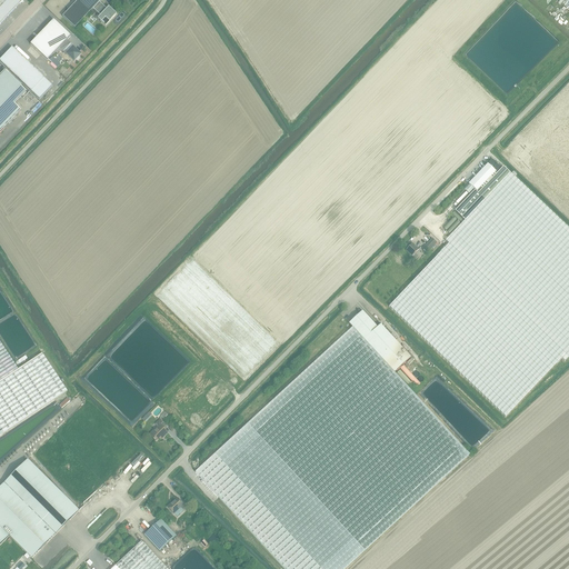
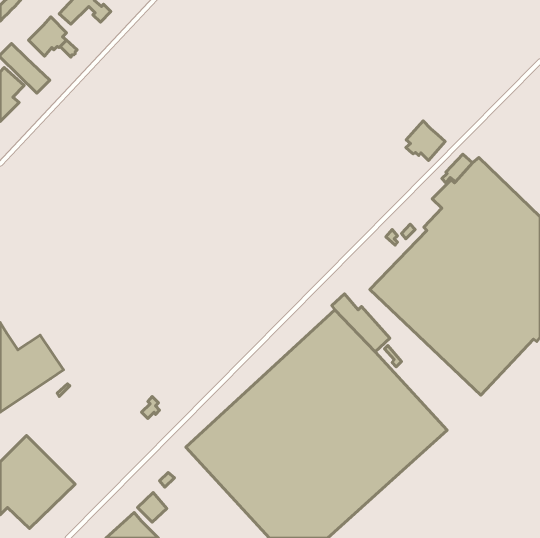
building: none -> [406,121,445,161]

